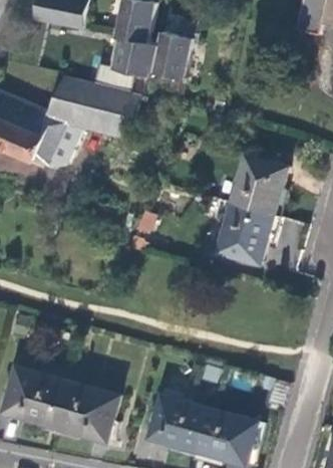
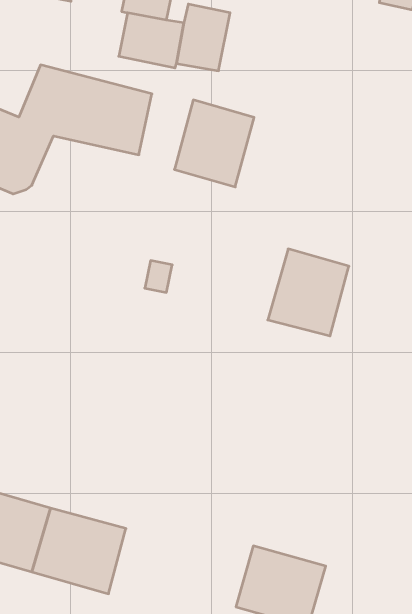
building: [233,155,288,215] -> [174,100,254,187]
building: [149,396,209,451] -> none

